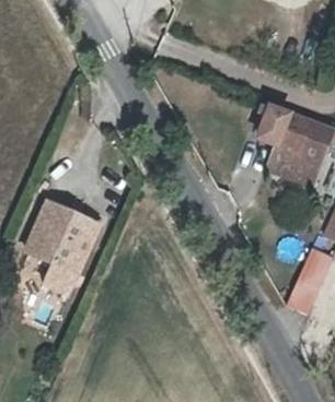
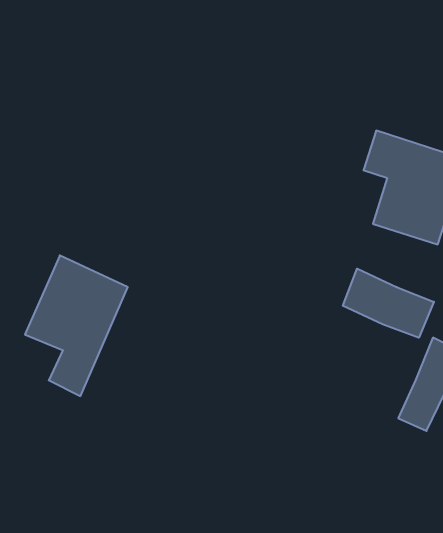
building: none -> [343,269,434,338]

